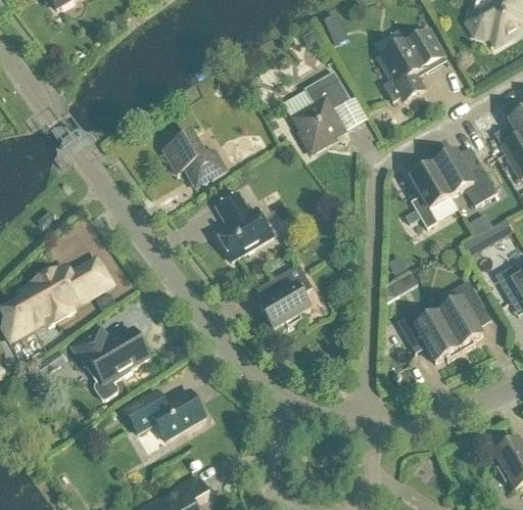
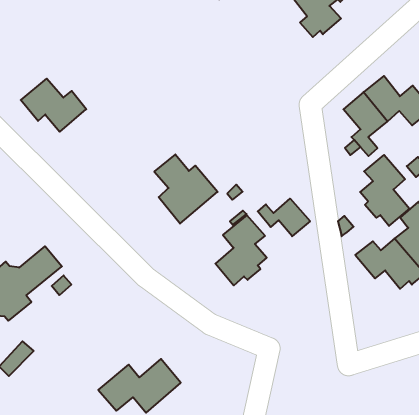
building: [283,69,350,153] -> none
building: [163,132,226,186] -> [21,79,86,132]
building: none -> [360,155,409,226]
building: none -> [258,199,310,236]
building: [72,324,150,398] -> none

